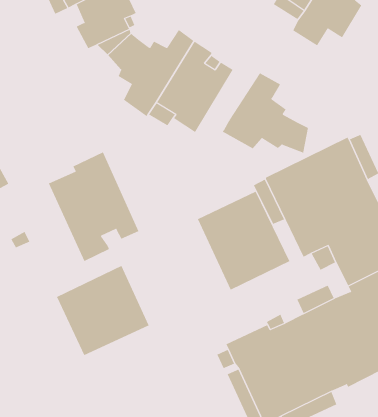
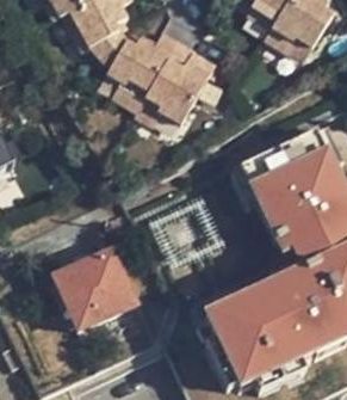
building: [222,73,308,154] -> none
building: [48,151,139,262] -> none
building: [197,191,290,290] -> none

